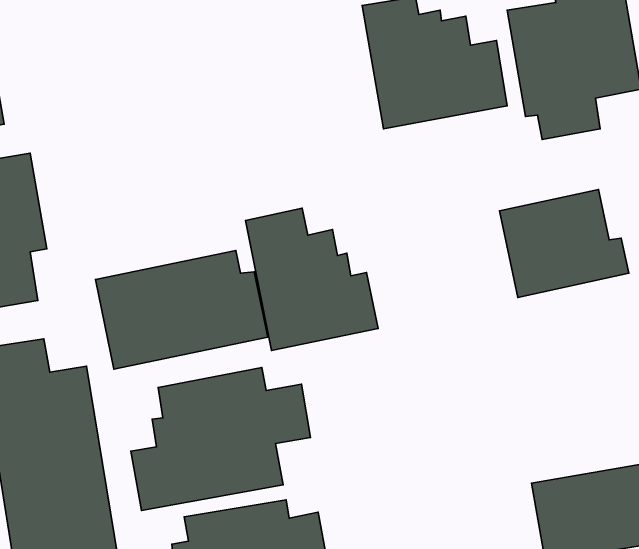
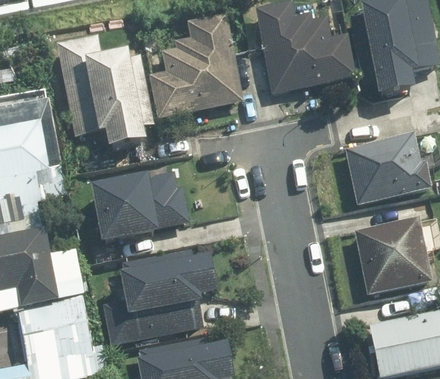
building: none -> [151,13,244,117]
building: none -> [56,37,145,152]
building: [246,208,378,351] -> none
building: none -> [355,216,431,293]

